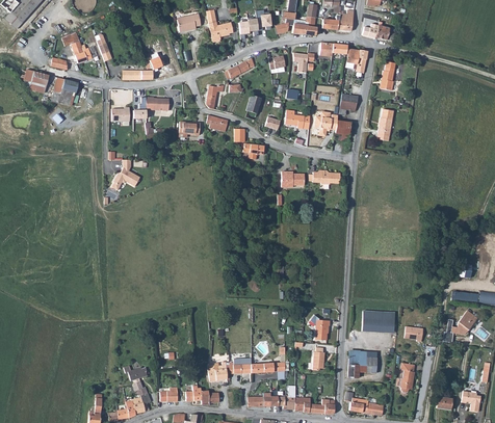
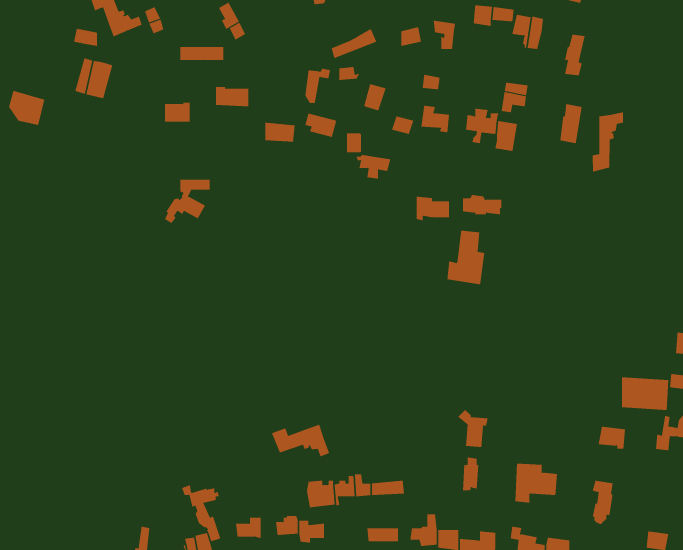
building: [23,70,48,94] -> [8,90,45,126]
building: none -> [592,111,624,172]
building: none -> [447,230,485,285]
building: [362,311,394,334] -> [621,377,669,411]
building: none -> [271,424,330,457]

